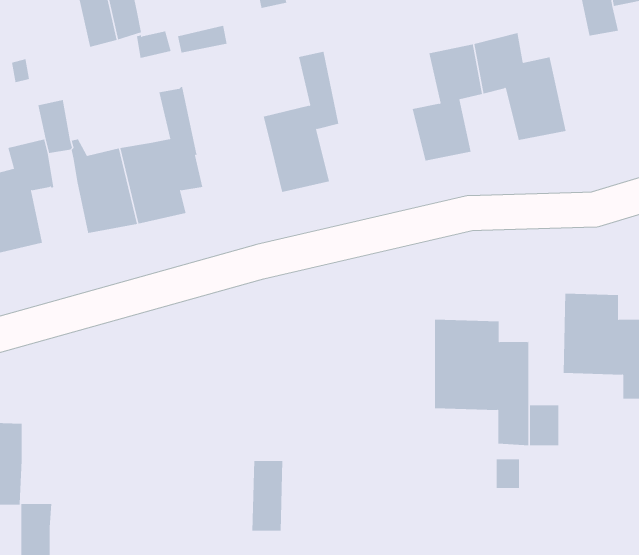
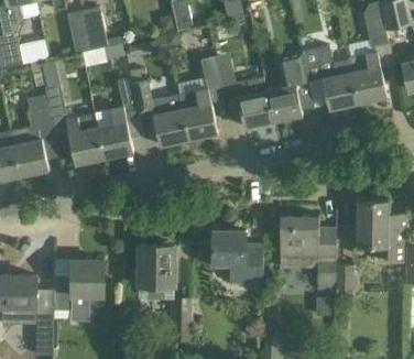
building: none -> [348,53,386,104]
building: none -> [216,59,274,128]
building: none -> [130,68,189,146]
building: none -> [211,230,263,283]
building: none -> [139,246,174,285]
building: none -> [53,260,103,320]

